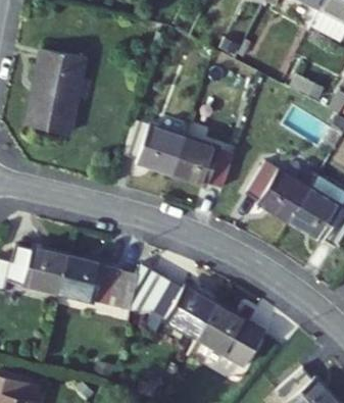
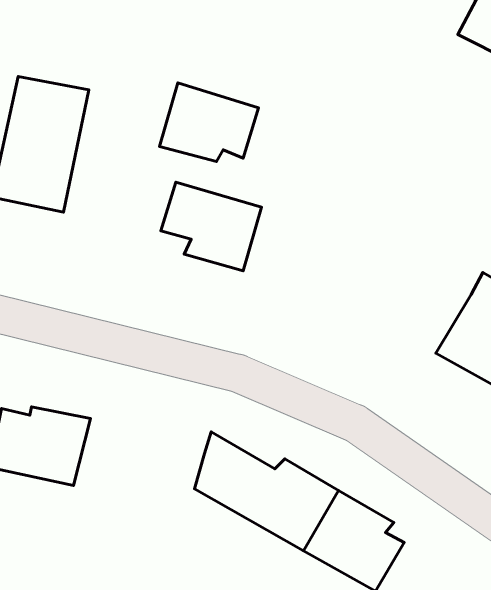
building: [174,135,234,183] -> [159,83,258,161]
building: [252,161,312,223] -> none
building: [70,263,150,320] -> none

